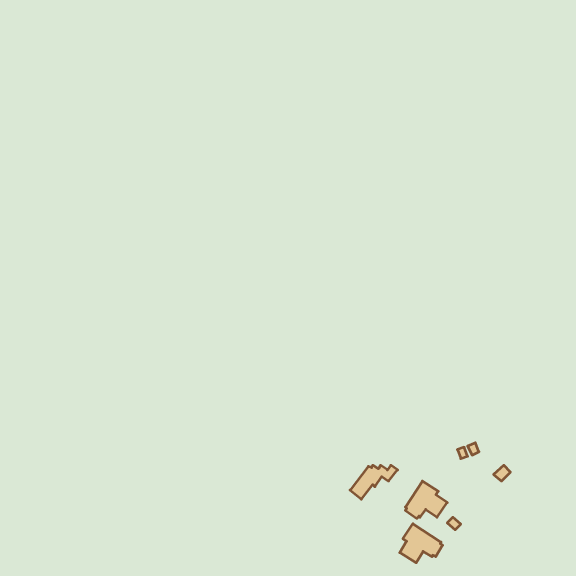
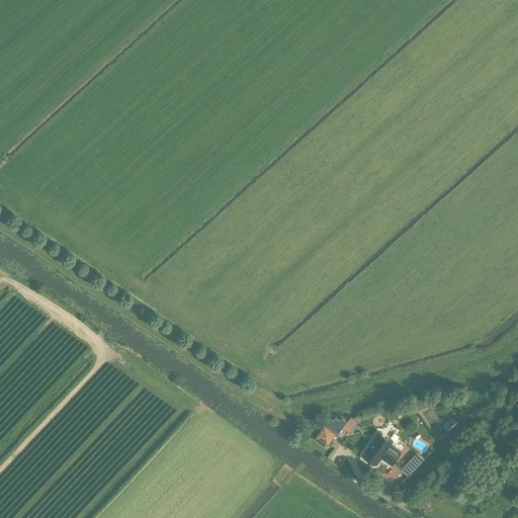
building: [400,524,443,563] -> none

